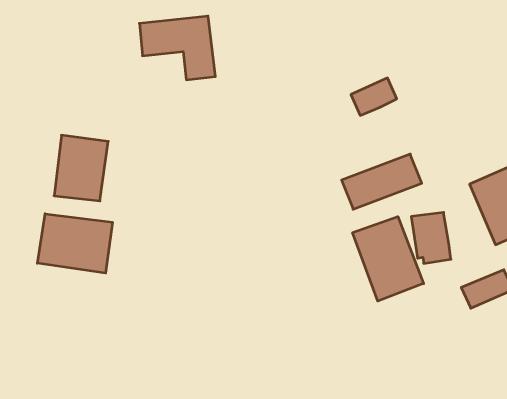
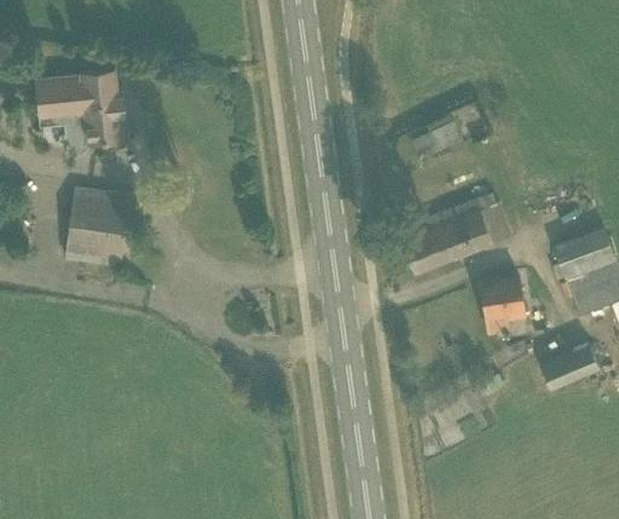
building: [139,16,215,80] -> [36,68,125,142]
building: [37,214,112,273] -> none
building: [353,217,424,301] -> none

